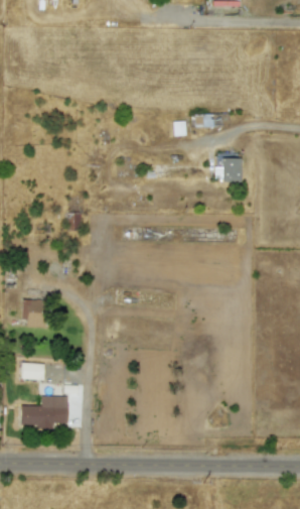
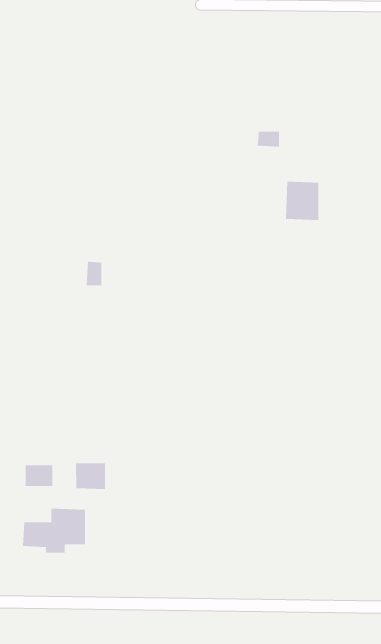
building: [24,300,47,327] -> none
building: none -> [76,463,106,490]

